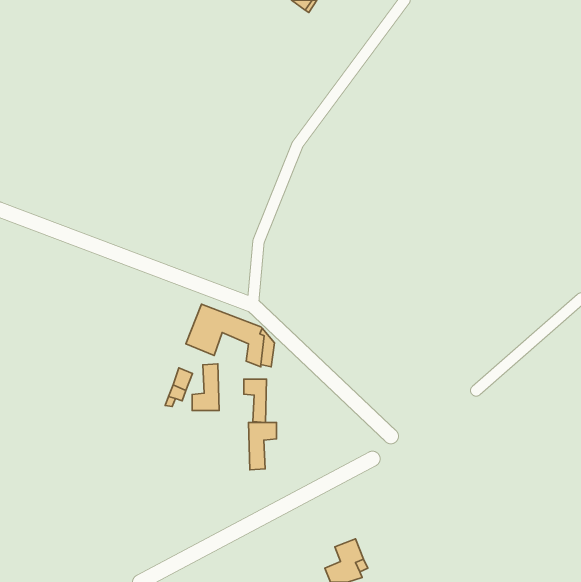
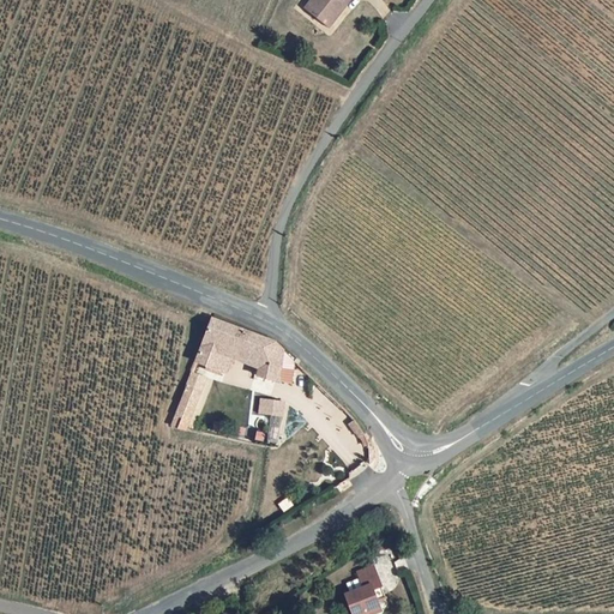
building: [192,364,219,411] -> none
building: [248,423,277,470] -> none

